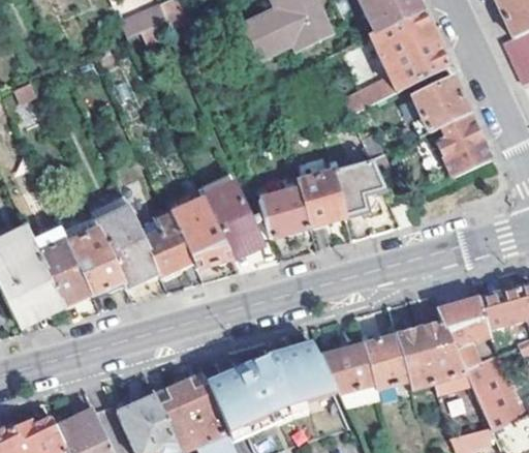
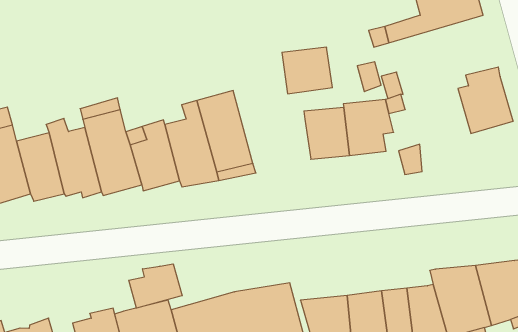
building: [412,76,470,134] -> none
building: [259,187,311,236] -> [282,47,332,94]
building: none -> [129,264,182,308]

